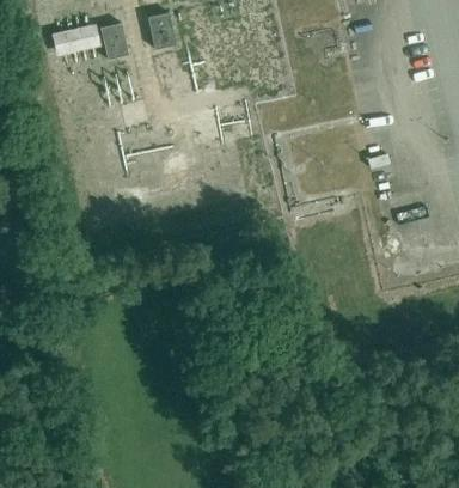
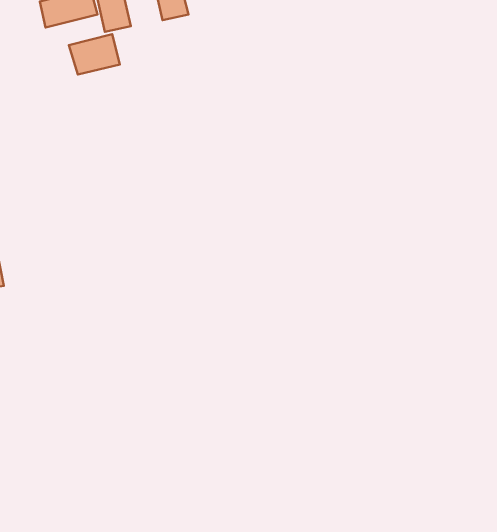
building: none -> [69,34,120,75]

